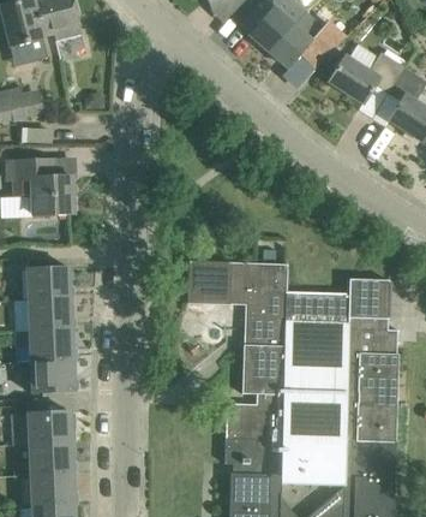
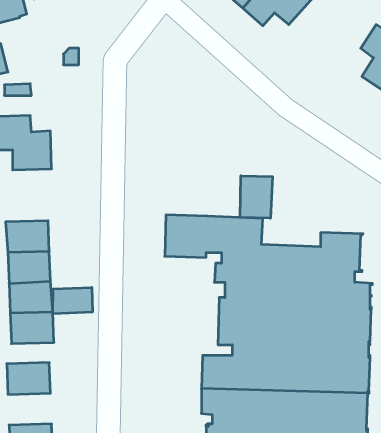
building: [329,54,403,105] -> none
building: none -> [240,176,272,218]
building: none -> [53,287,92,314]
building: [29,442,73,475] -> none

